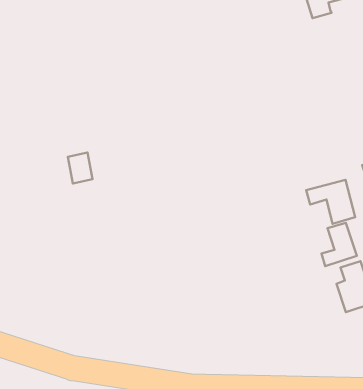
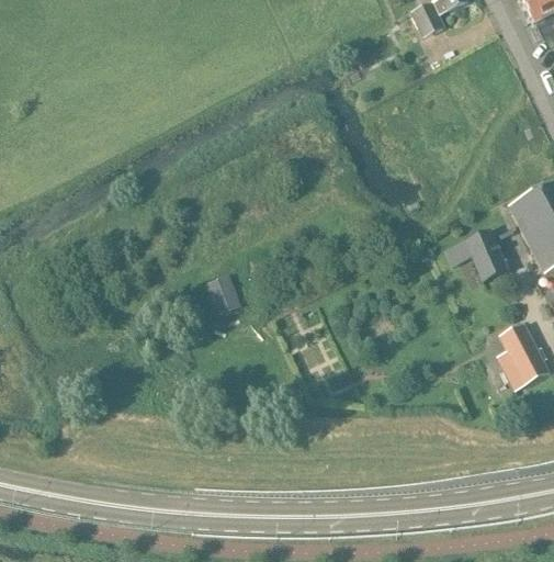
building: [68,152,92,184] -> [206,272,240,313]
building: [321,223,357,266] -> none

